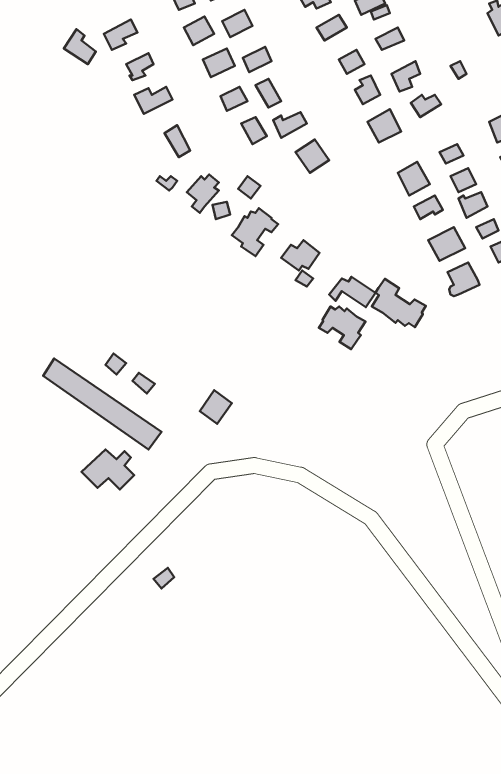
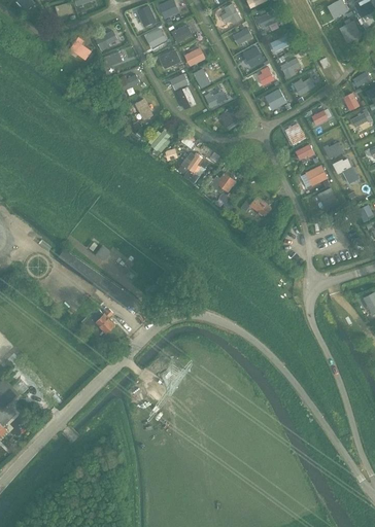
building: [372,279,426,327] -> none
building: [319,306,365,349] -> none

